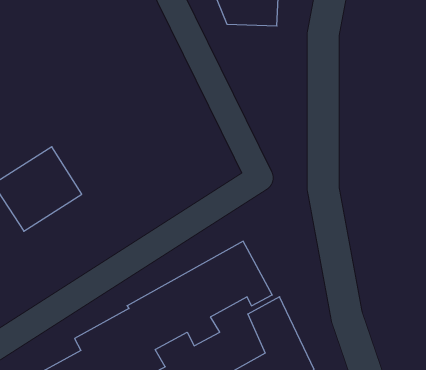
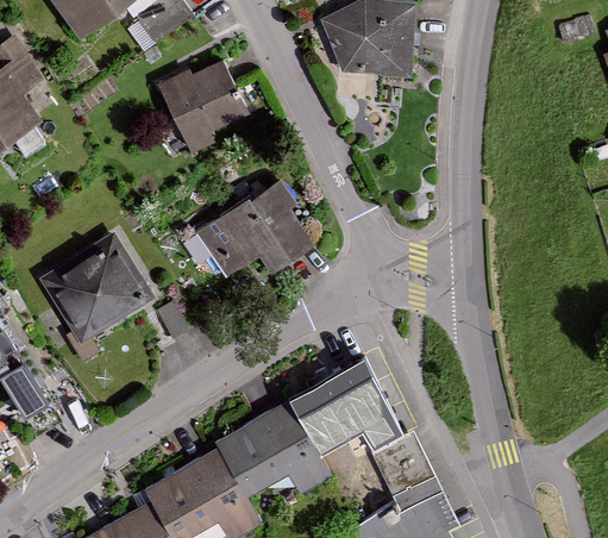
building: none -> [158,61,247,152]
building: none -> [189,183,308,281]

